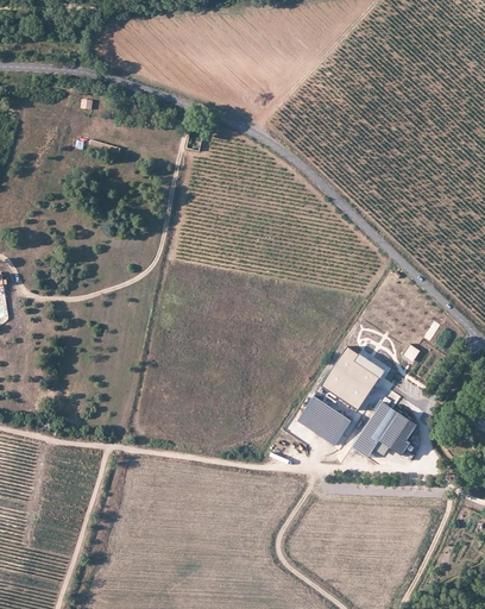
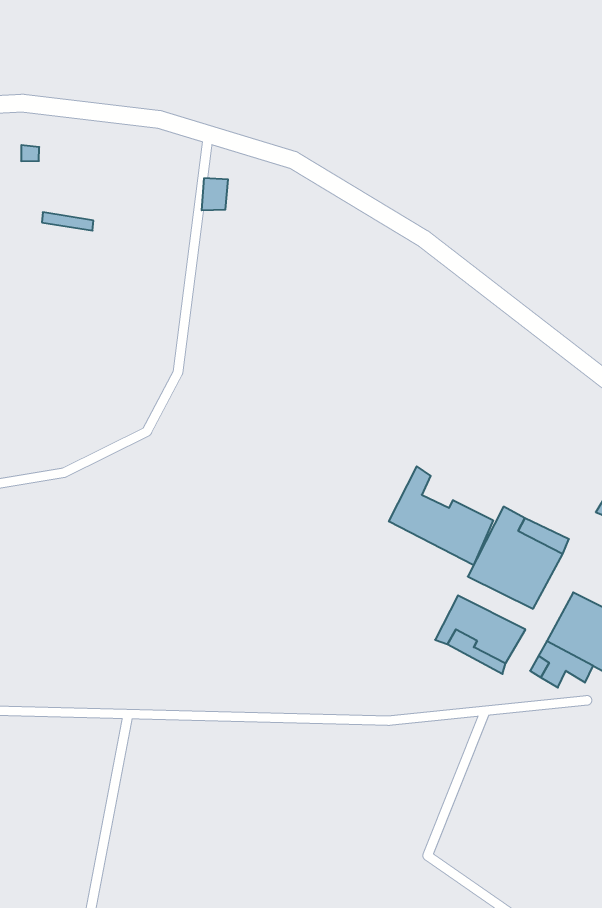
building: none -> [389,466,493,565]

